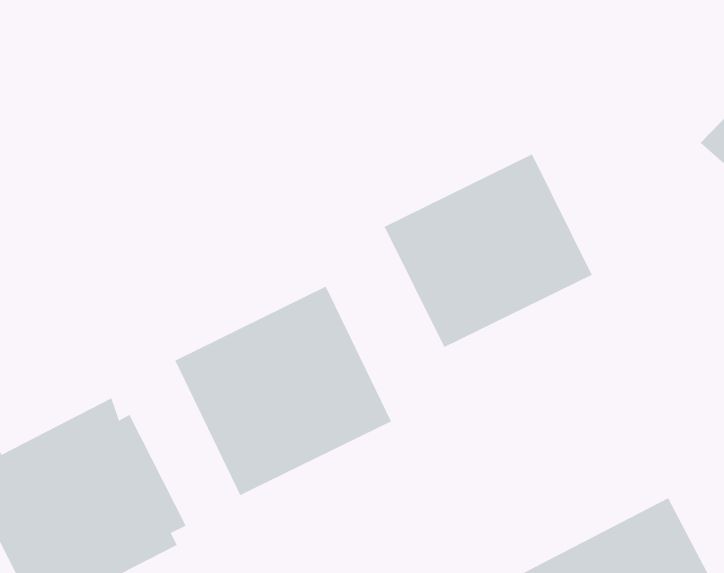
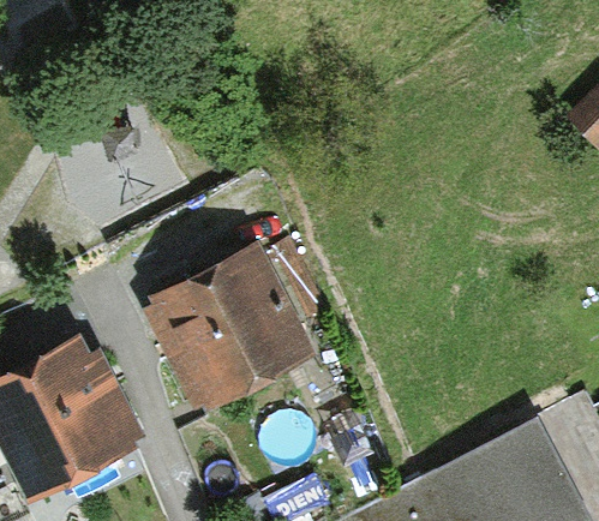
building: [384,154,593,348] -> none

